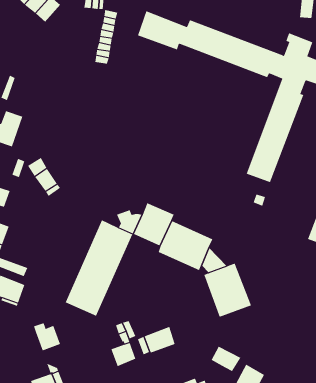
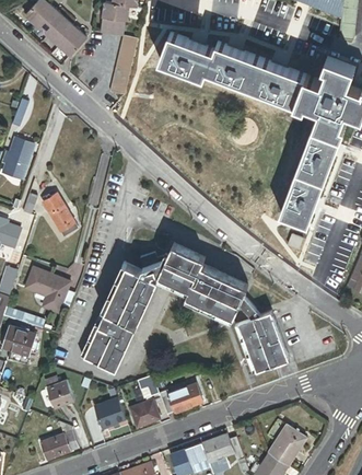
building: none -> [58,26,87,57]
building: none -> [25,273,68,314]
building: none -> [94,398,127,430]
building: [211,346,241,372] -> none

